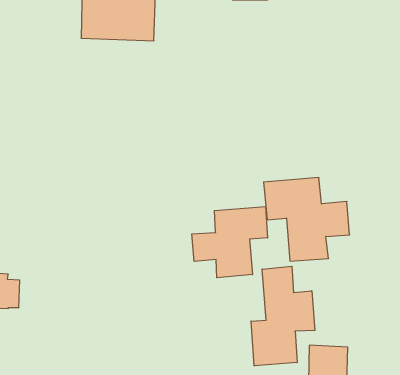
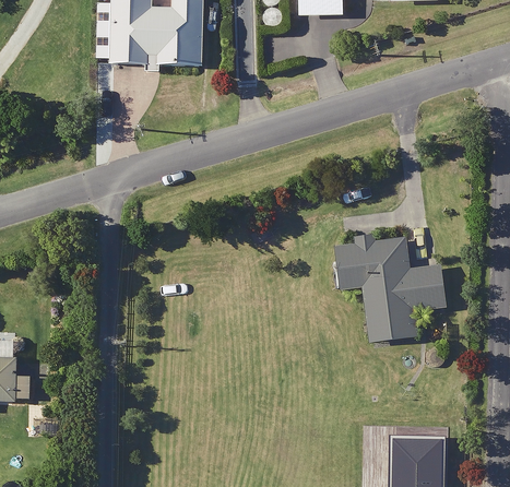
building: [192,207,268,278] -> none
building: [251,266,315,366] -> none

